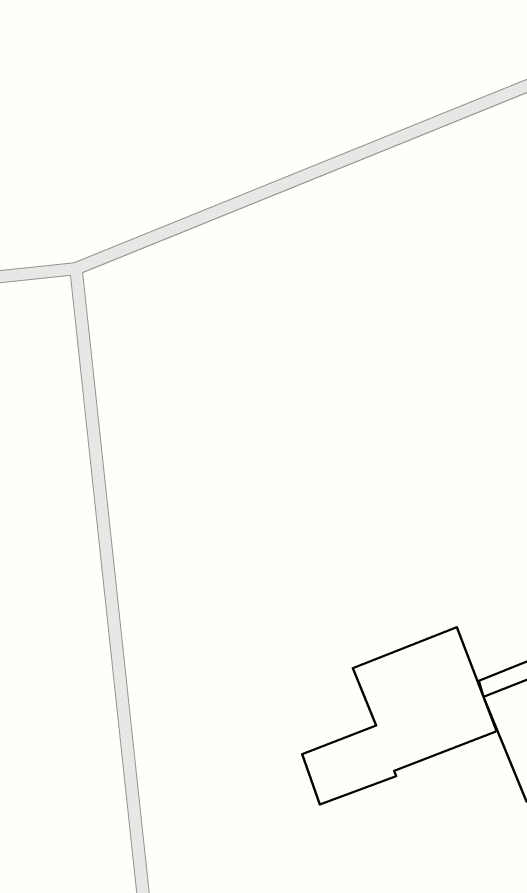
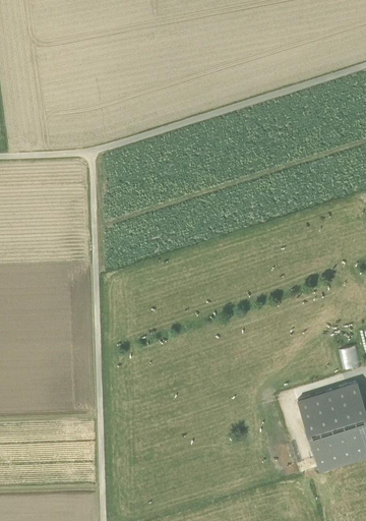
building: [302,627,497,805] -> none

